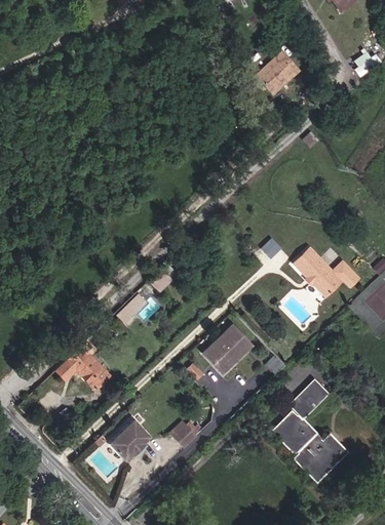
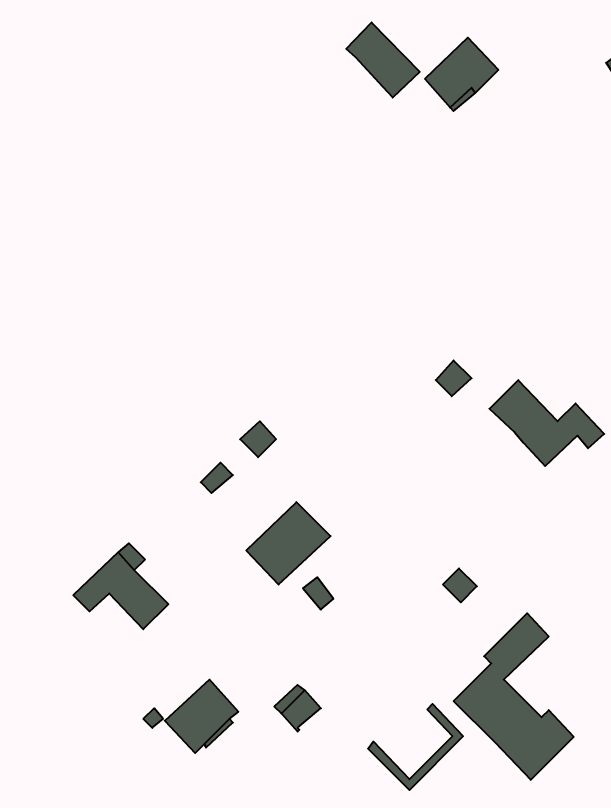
building: none -> [346,22,420,98]
building: [203,325,252,372] -> [246,502,331,585]
building: [294,433,348,482] -> [368,704,463,790]

